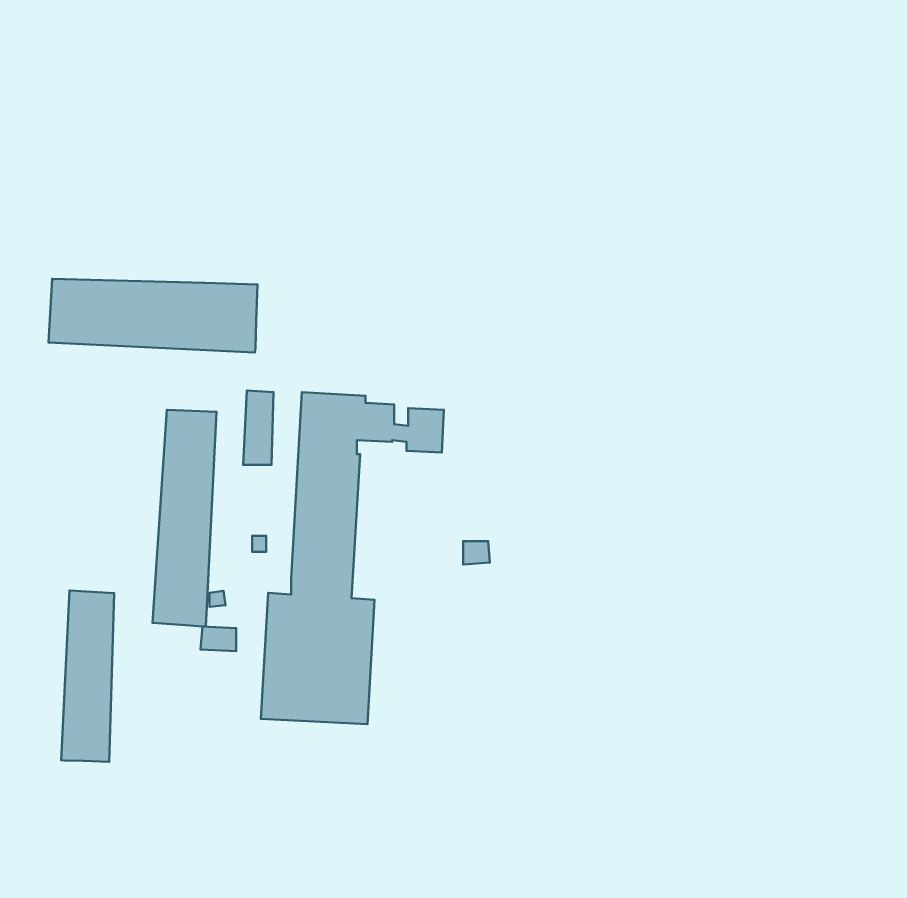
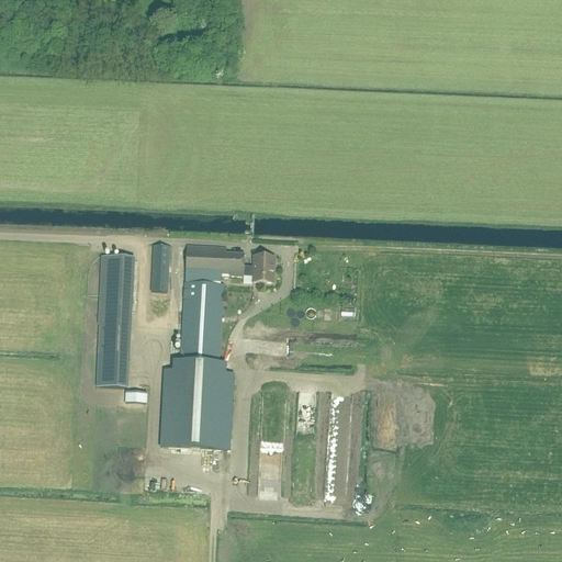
building: [48,279,257,353] -> none
building: [61,591,114,762] -> none

